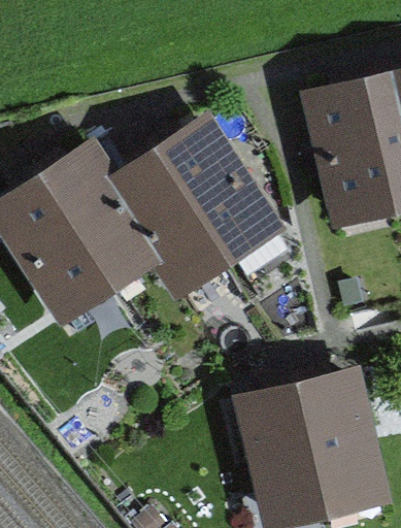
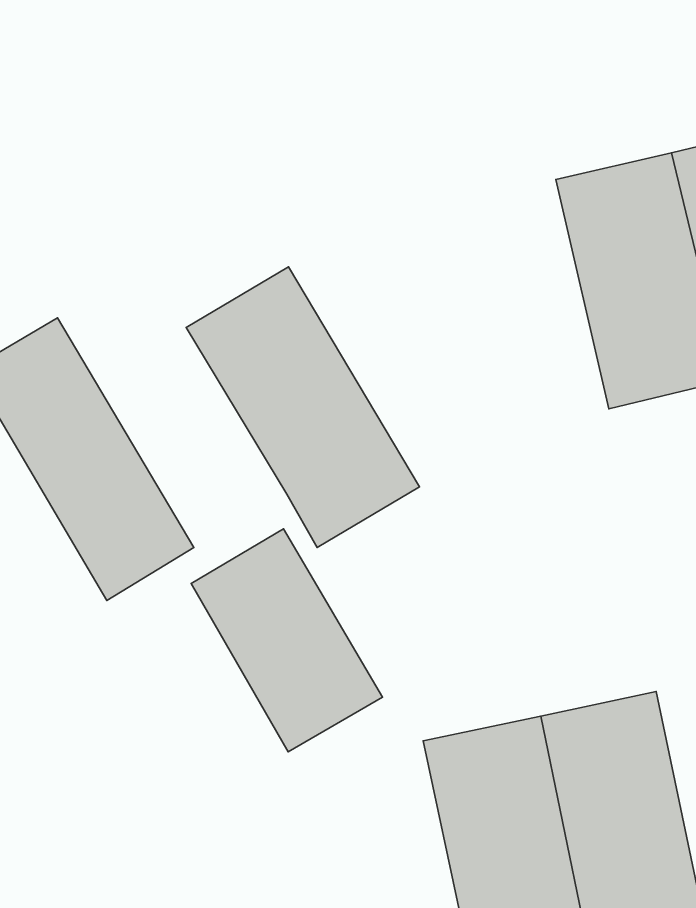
building: [159,119,286,271] -> none
building: [33,150,158,304] -> none
building: none -> [191,529,383,752]

